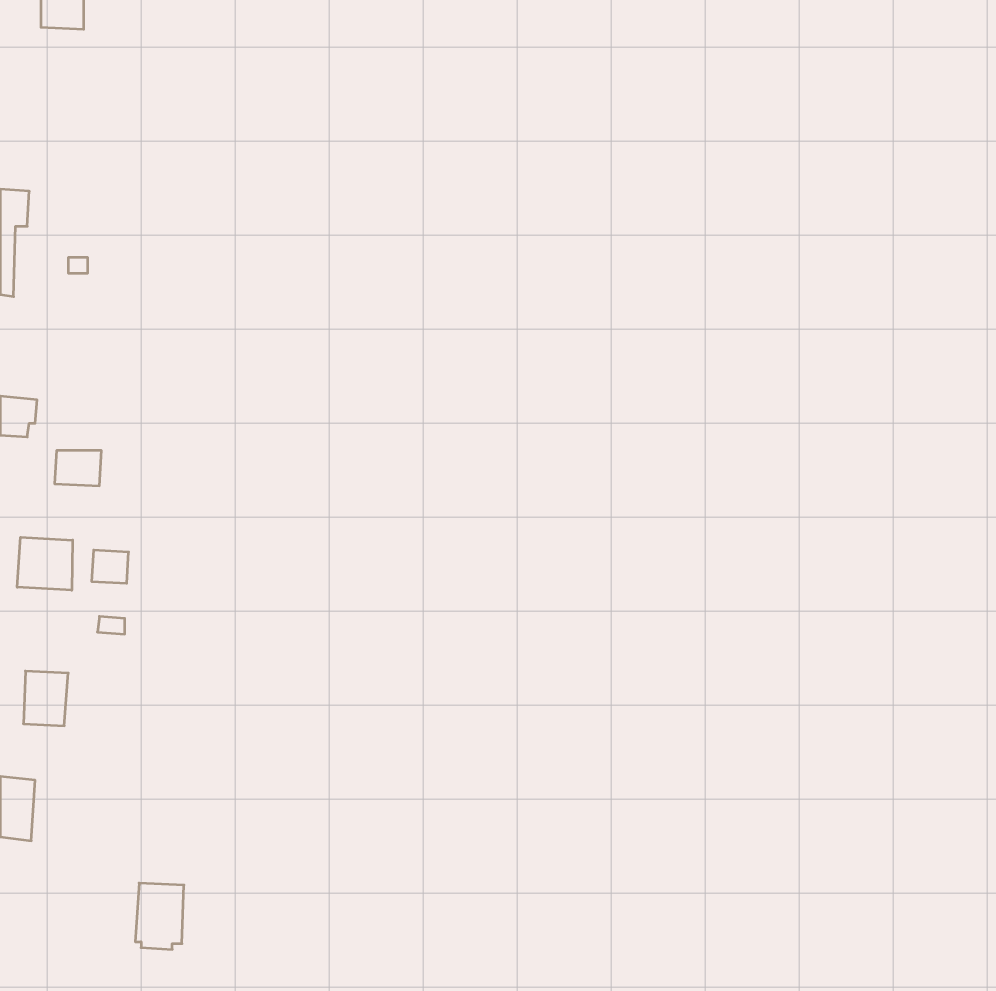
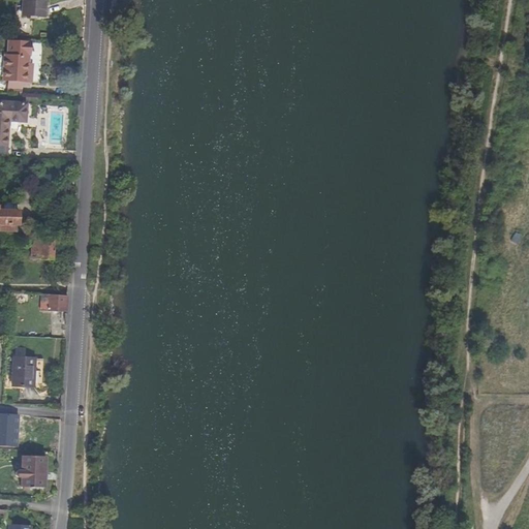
building: none -> [4,40,31,81]
building: [17,537,73,590] -> none
building: [135,883,184,949] -> [21,453,46,488]

